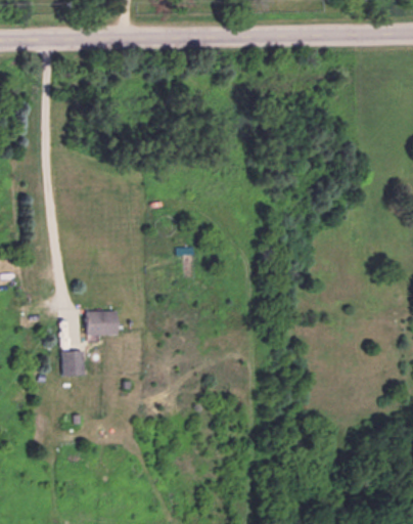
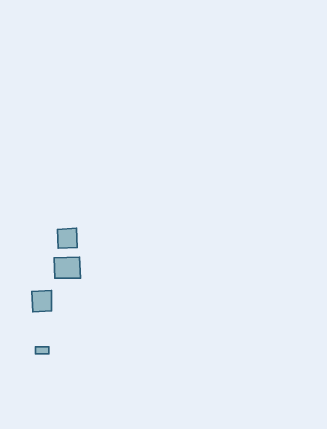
building: none -> [58,228,77,248]

